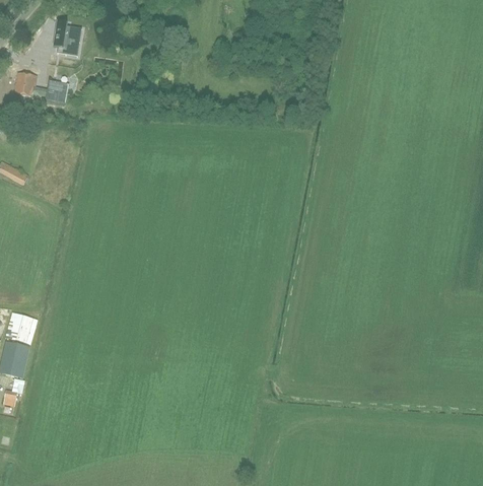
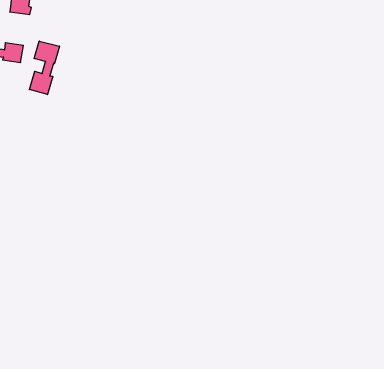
building: none -> [29,41,59,95]

